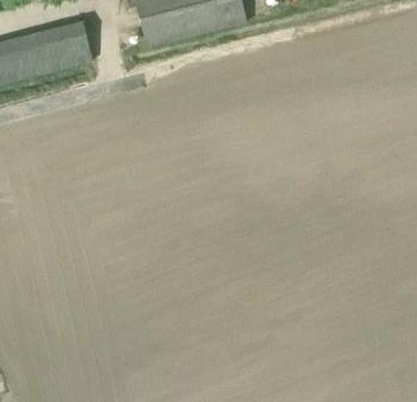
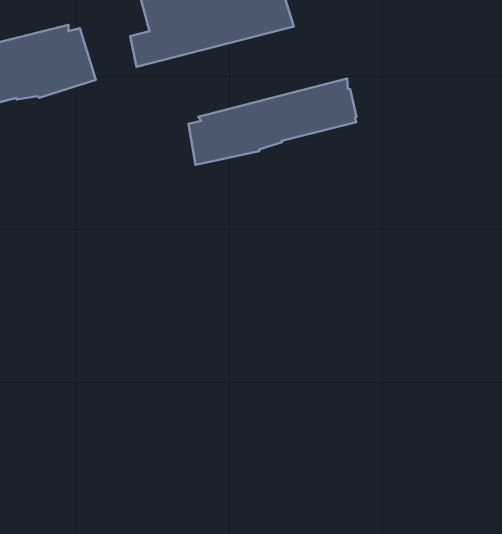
building: none -> [188,78,356,165]

